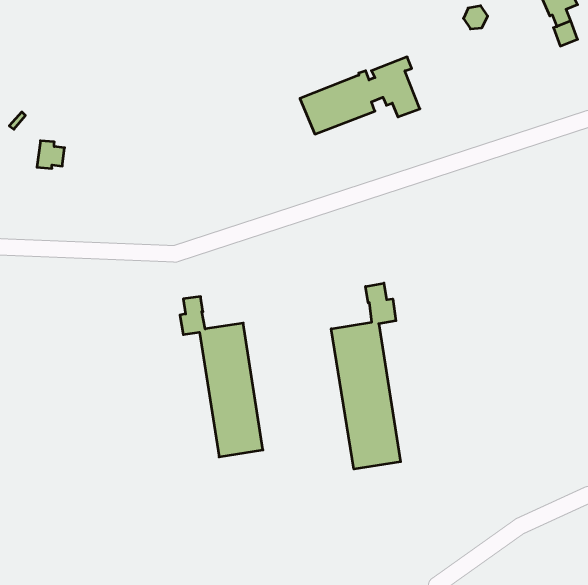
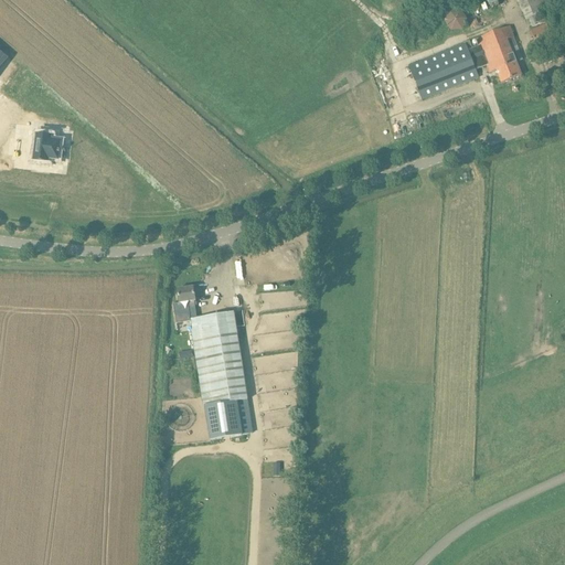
building: [300,57,420,134] -> [406,23,521,97]
building: [331,283,401,469] -> none

